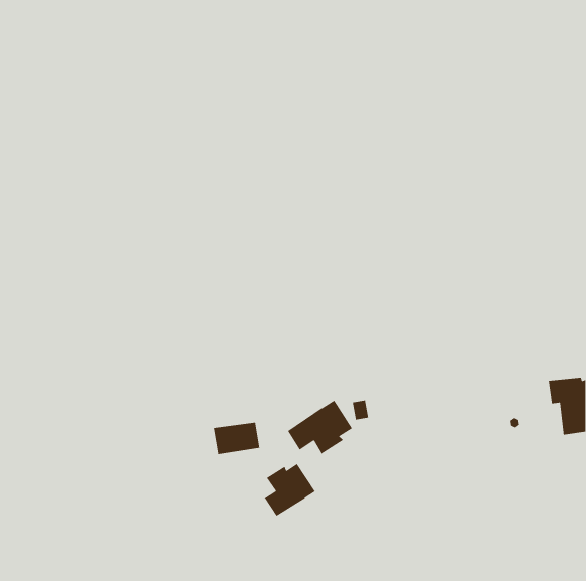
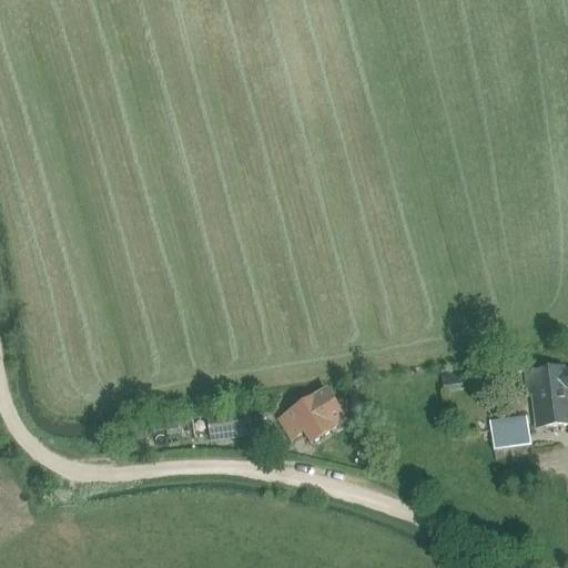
building: none -> [489,414,530,449]
building: [263,463,315,517] -> none

